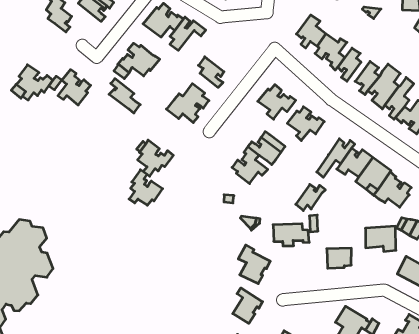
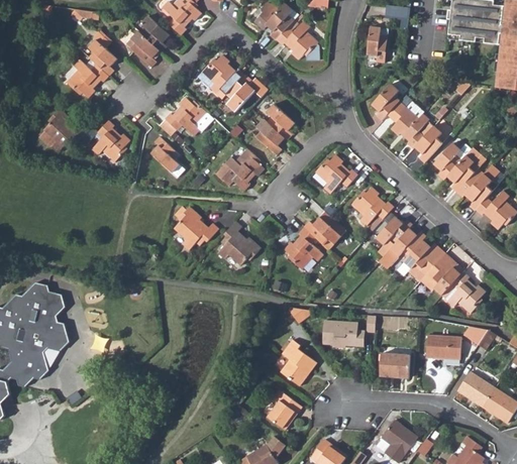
building: none -> [66,61,108,99]
building: none -> [266,105,295,142]
building: [129,170,163,205] -> [217,221,256,262]
building: [296,184,325,211] -> [377,217,412,246]

